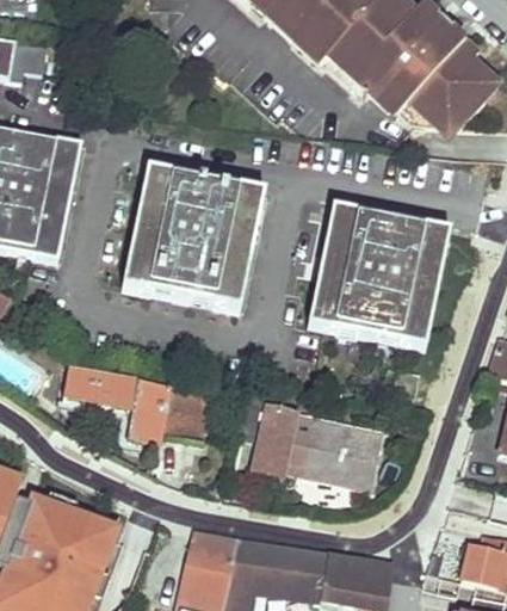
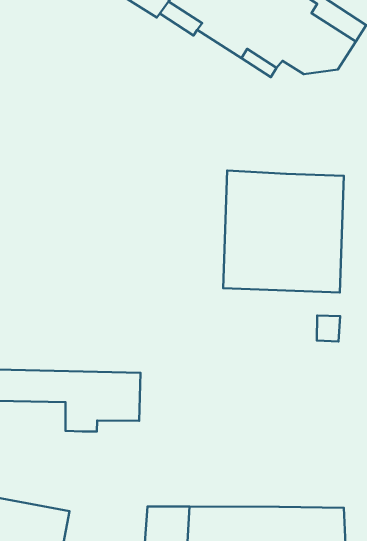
building: [122,171,266,313] -> none
building: [236,388,382,488] -> none

